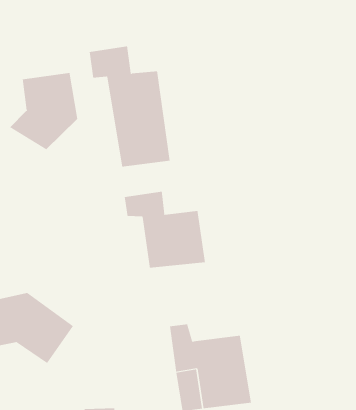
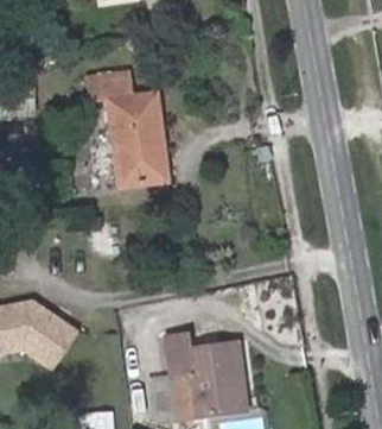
building: [9,72,78,150] -> none
building: [124,191,205,268] -> none

